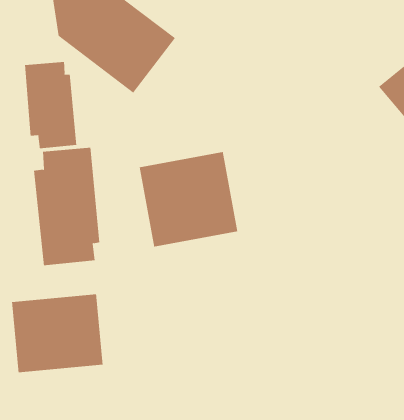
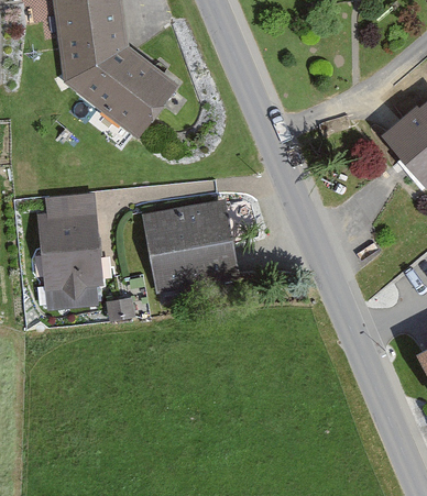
building: [24,61,77,149] -> none
building: [12,293,103,373] -> none

